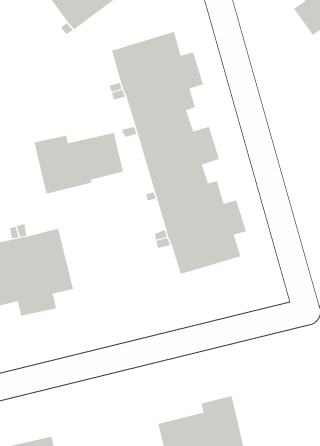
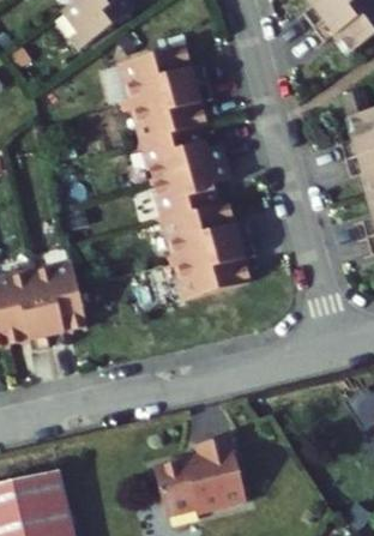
building: [34,132,124,194] -> none

